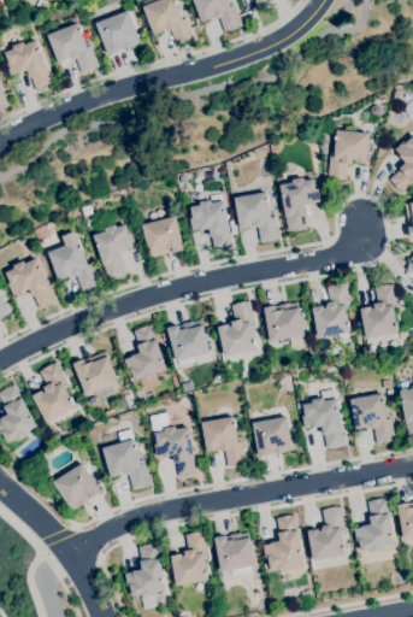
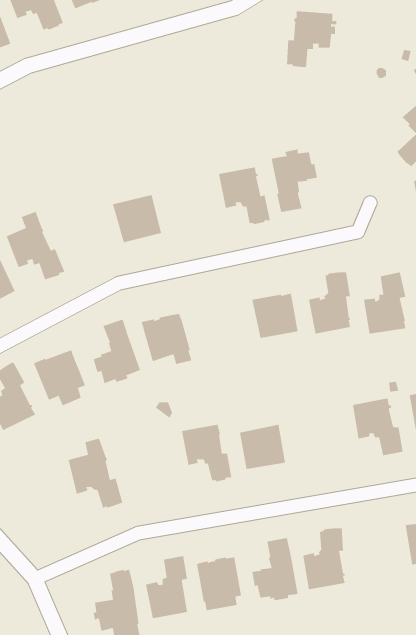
building: [329,131,373,181] -> [286,11,337,68]
building: [190,195,234,252] -> none
building: [94,224,137,281] -> none
building: [218,301,256,357] -> none
building: [302,389,346,449] -> none
building: [155,427,197,477] -> none
building: [54,464,102,512] -> none
building: [355,499,395,553] -> none

